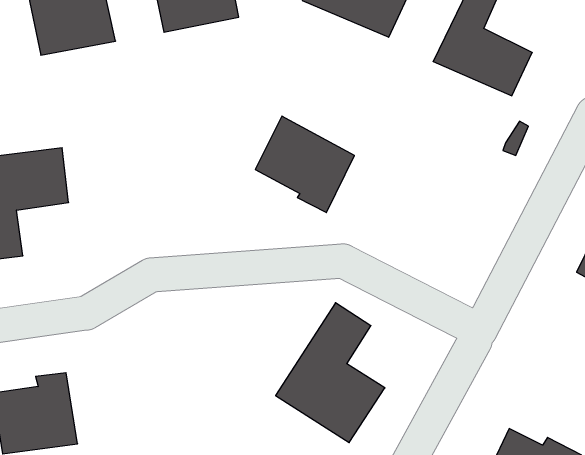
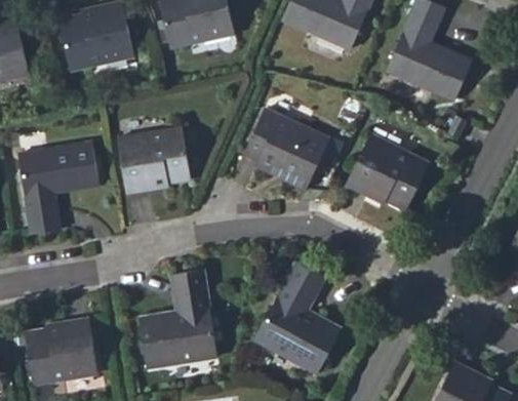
building: none -> [115,129,186,193]
building: none -> [336,136,422,211]
building: none -> [141,274,221,370]

